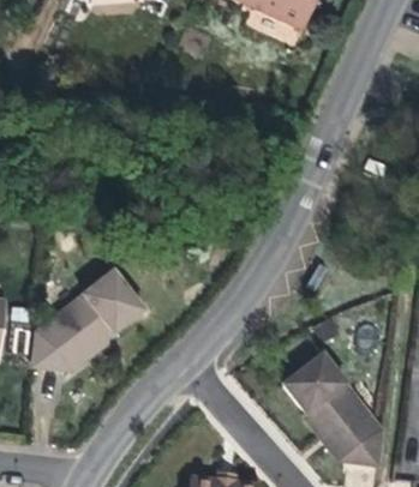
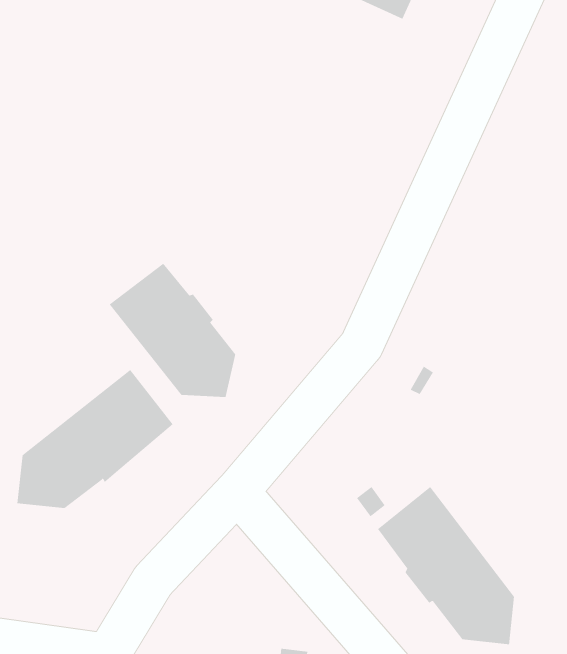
building: none -> [109,263,236,398]

